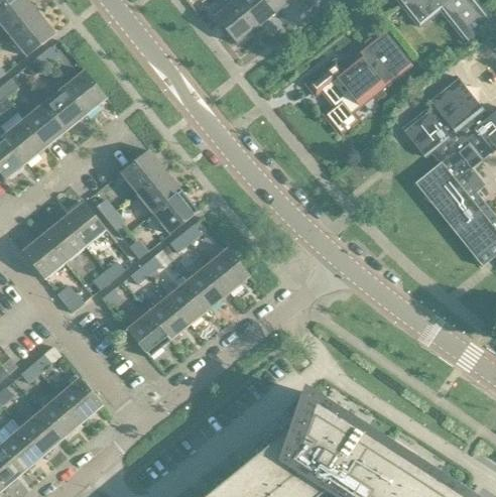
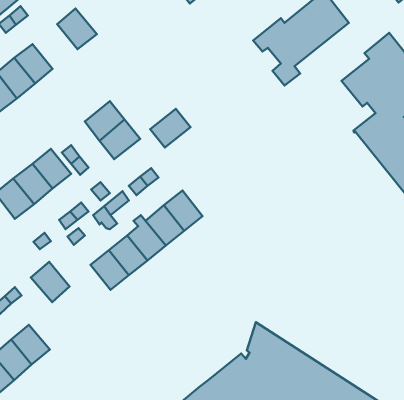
building: [64,71,107,115] -> [57,9,97,49]
building: [153,192,198,234] -> [150,109,191,148]
building: [59,378,102,422] -> [31,262,70,302]

